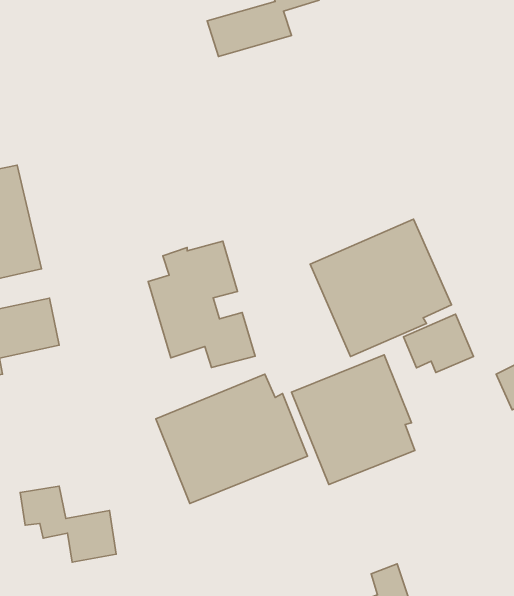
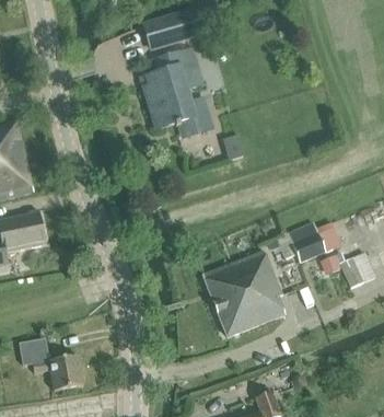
building: [310,219,451,356] -> none
building: [148,241,255,368] -> [141,50,213,136]
building: [156,374,308,503] -> none

